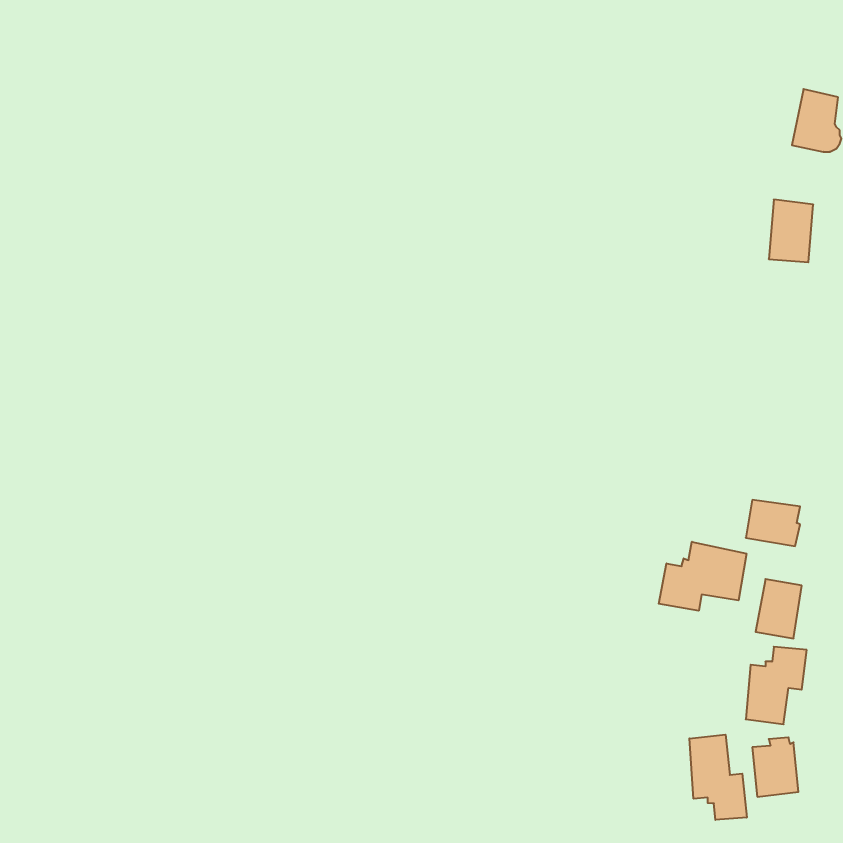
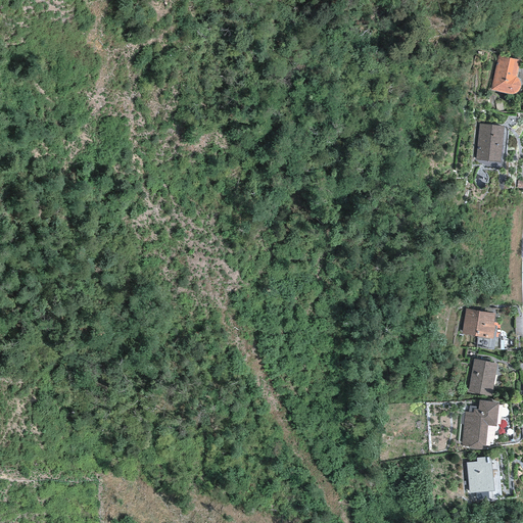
building: [659,542,746,611] -> none
building: [689,735,747,820] -> none

